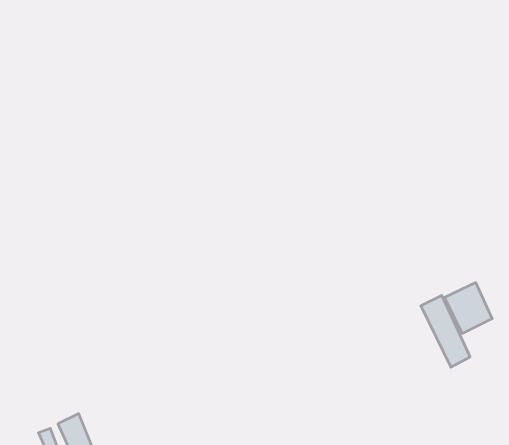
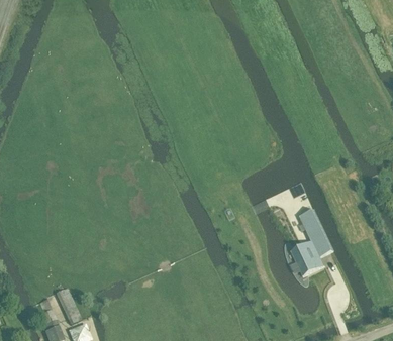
building: [444,283,492,333] -> [289,239,321,273]

